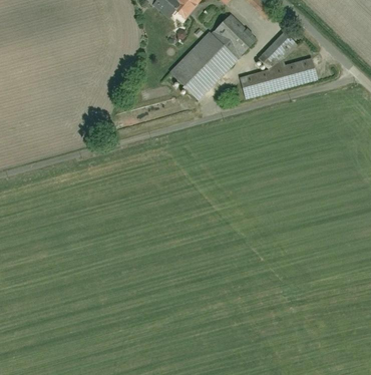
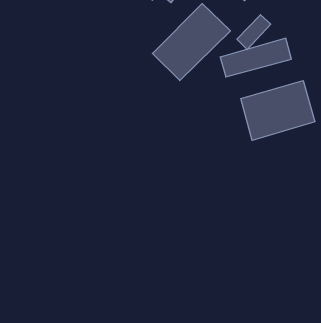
building: none -> [241,81,315,140]

